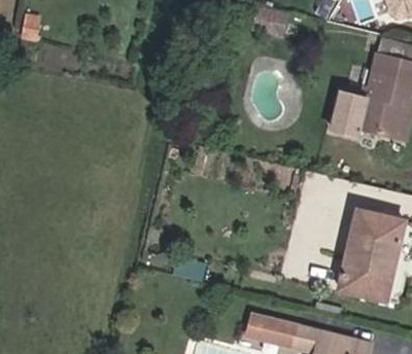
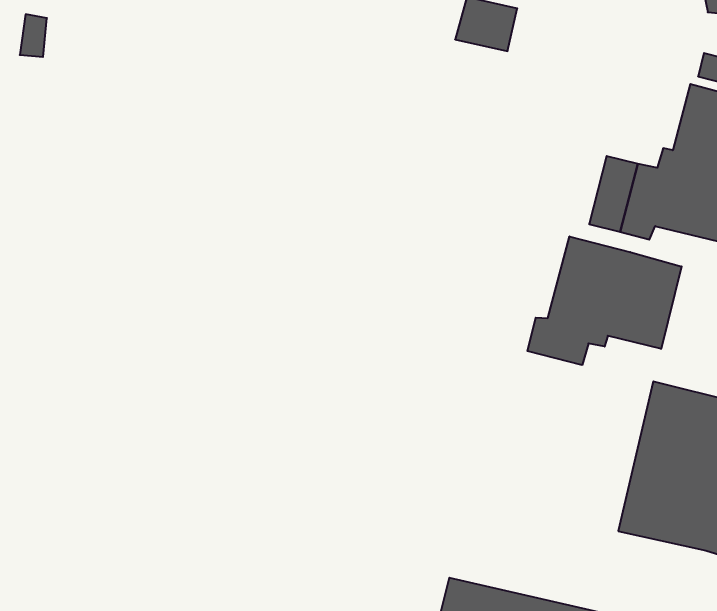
building: none -> [527,236,682,365]

